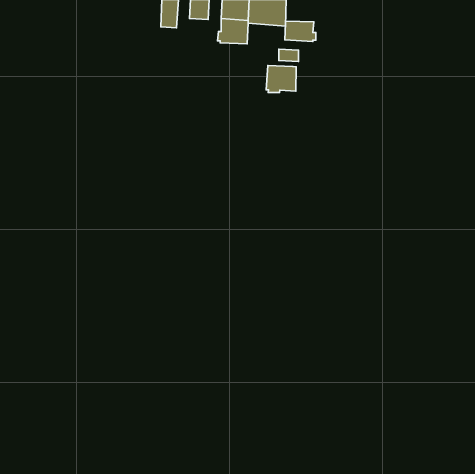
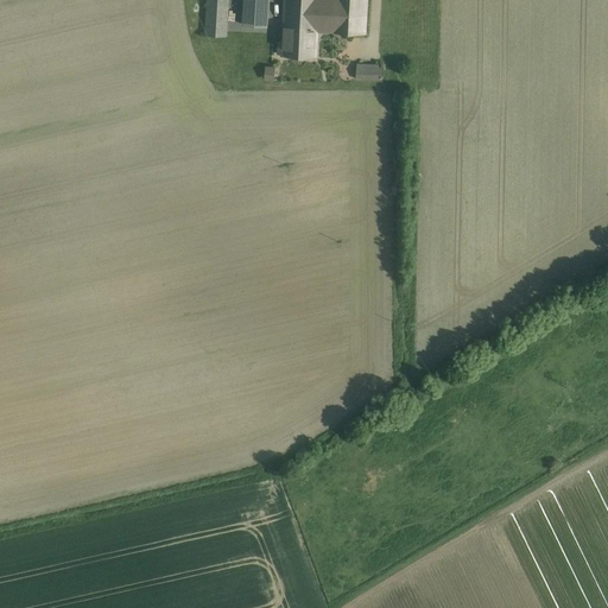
building: [285,21,316,42] -> none
building: [266,65,296,93] -> none

